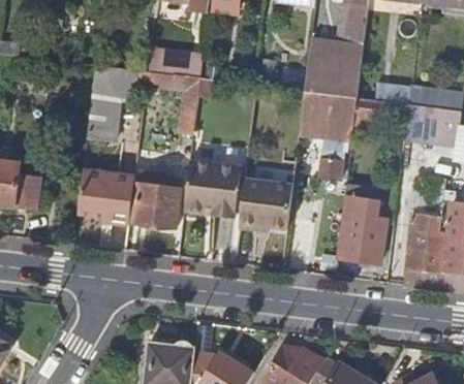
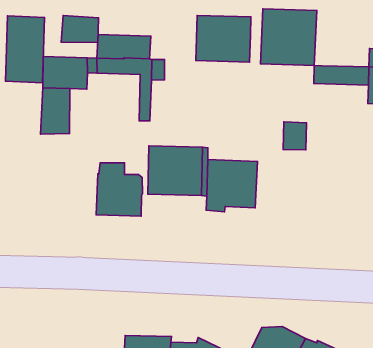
building: none -> [5,16,44,83]
building: none -> [61,16,98,42]
building: [300,91,357,140] -> [196,15,251,62]
building: [79,169,135,225] -> none
building: [341,196,388,264] -> none

